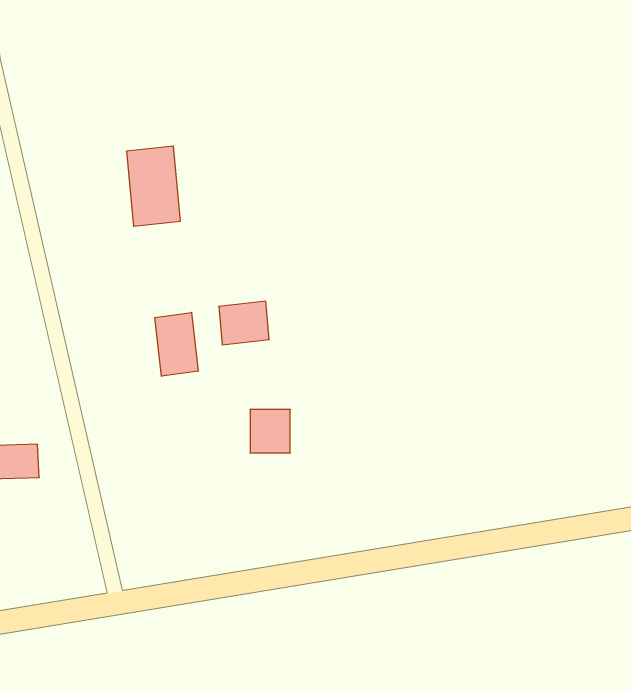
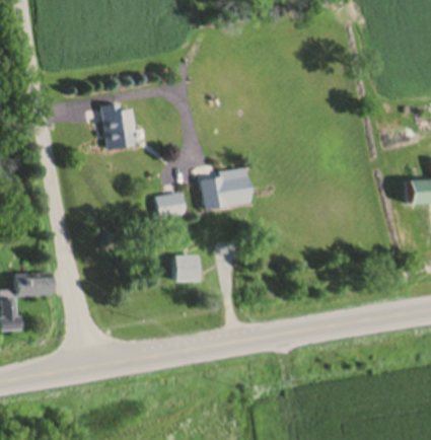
building: none -> [201,169,252,209]
building: [155,312,198,376] -> none

